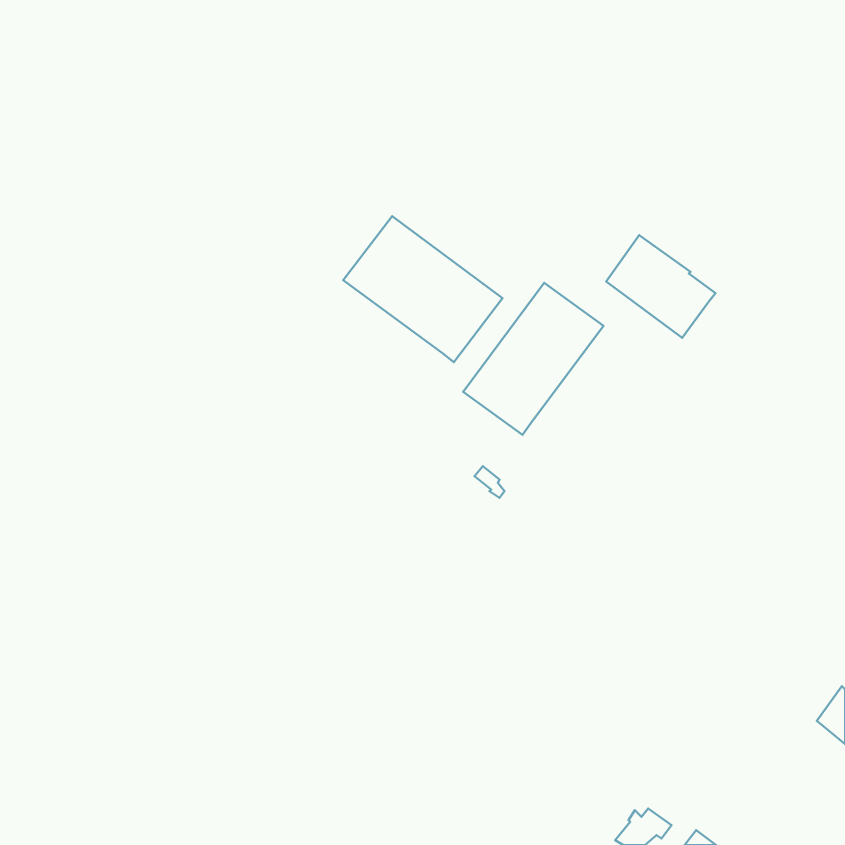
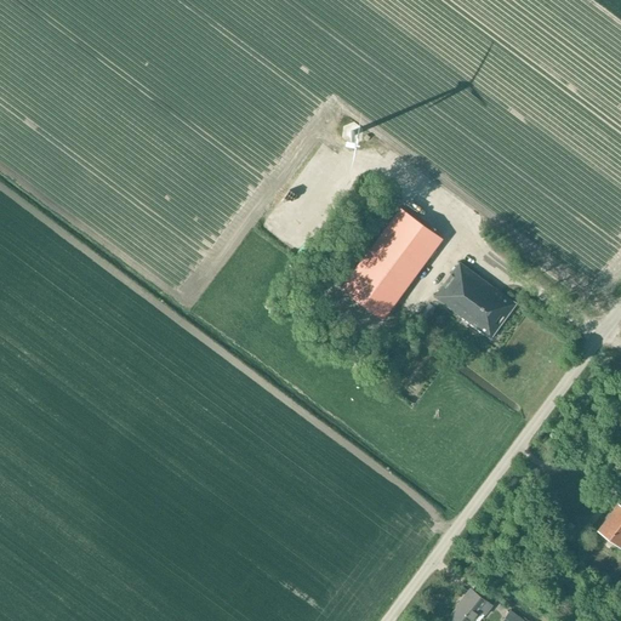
building: [343,216,502,362] -> none
building: [606,235,715,338] -> [434,262,514,337]

